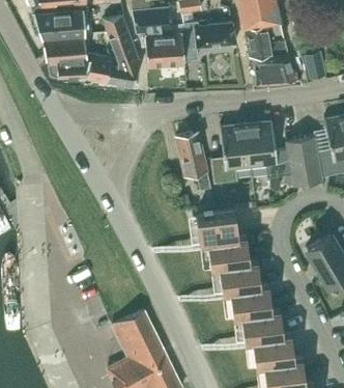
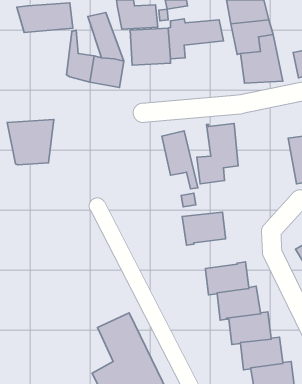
building: [42,34,88,79] -> [7,119,54,165]
building: [247,119,308,186] -> none
building: [207,235,250,269] -> none

